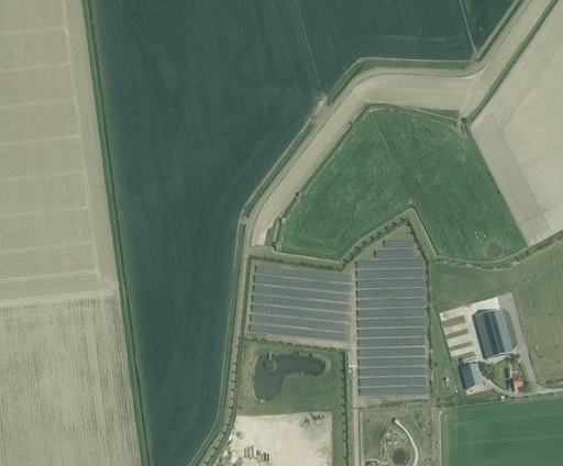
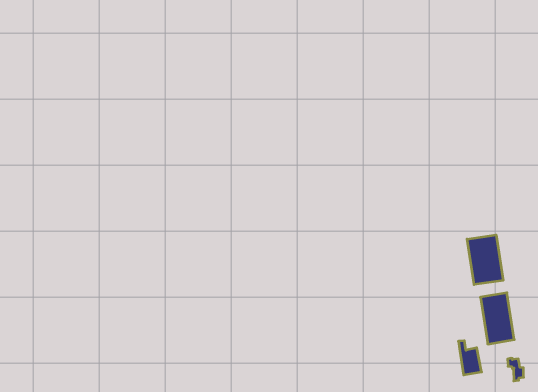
building: none -> [467,235,503,285]

